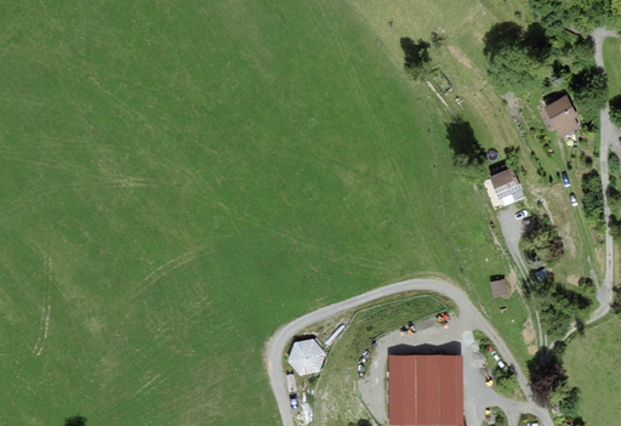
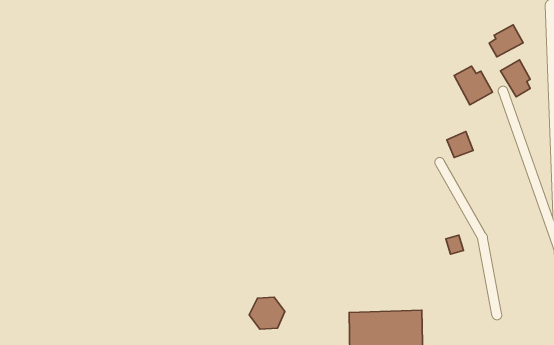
building: none -> [489,25,523,57]
building: none -> [454,66,492,105]

